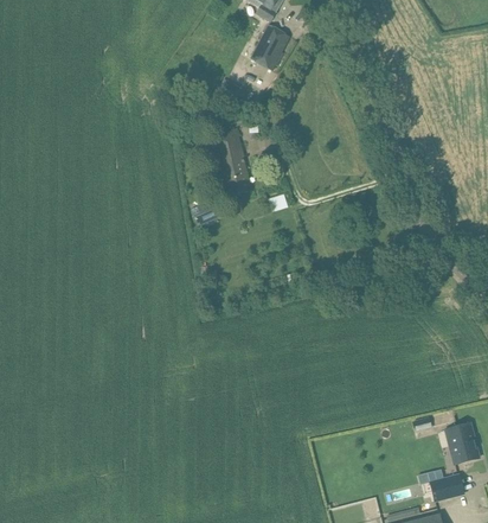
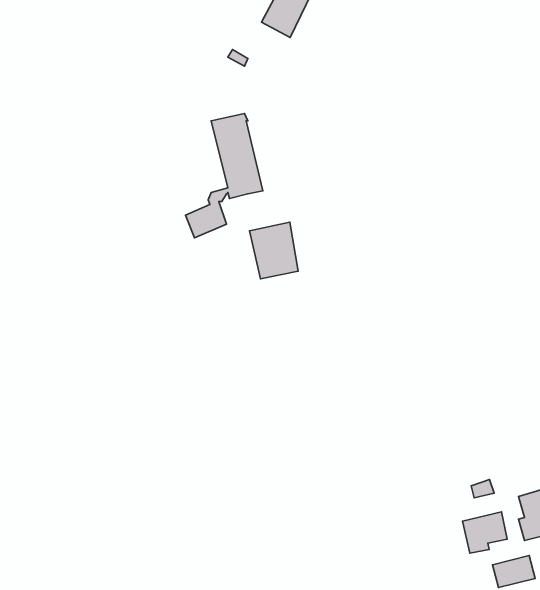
building: none -> [250,222,298,279]
building: none -> [462,512,507,553]

